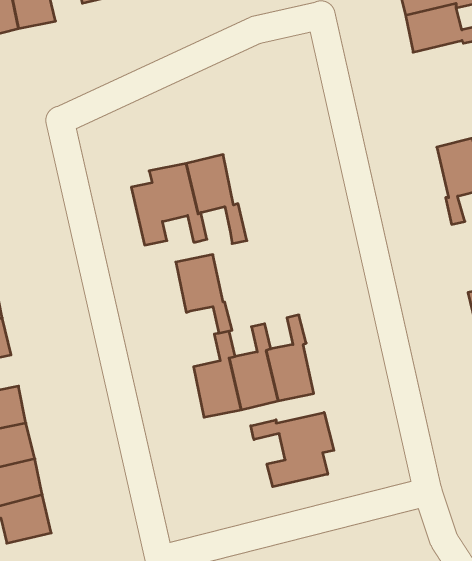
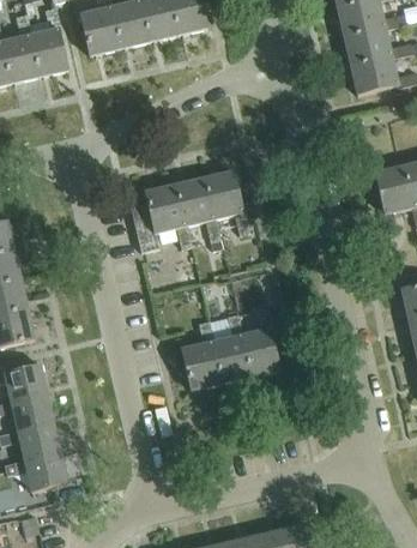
building: [176,255,232,333] -> [204,171,249,235]
building: [251,412,334,487] -> none

